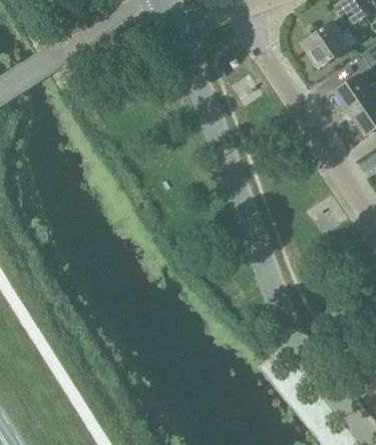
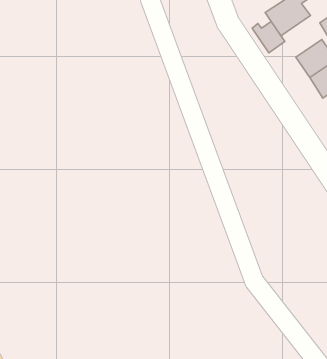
building: none -> [252,22,285,53]

